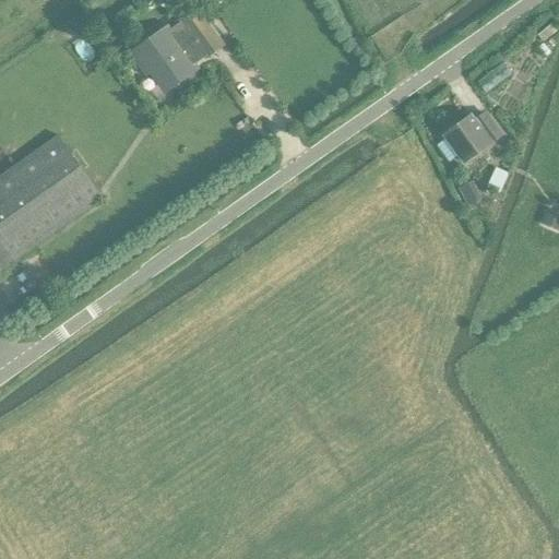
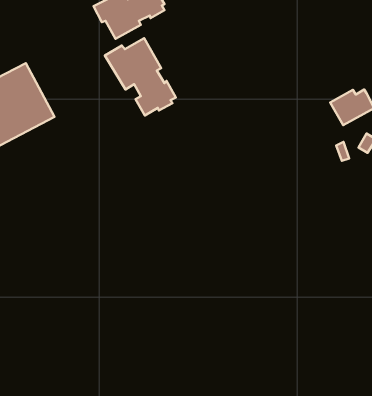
building: none -> [105,38,176,116]

